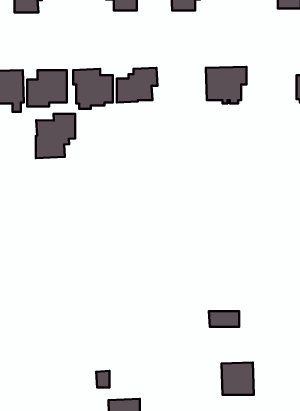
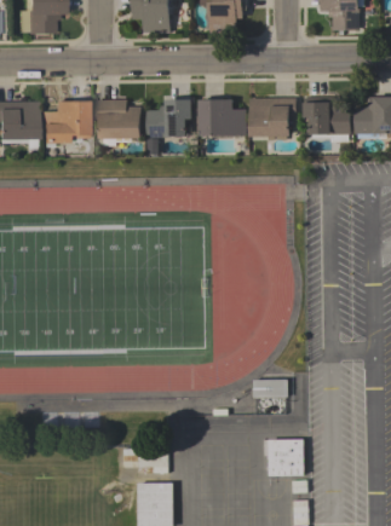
building: none -> [303,97,349,141]
building: none -> [199,99,246,135]
building: [36,114,75,158] -> none

